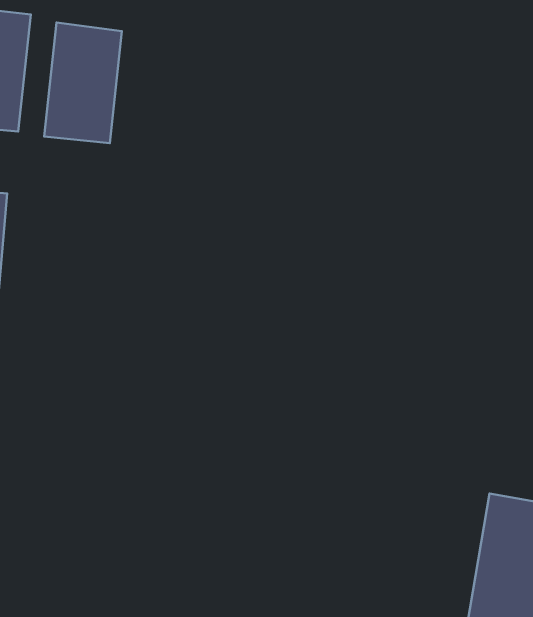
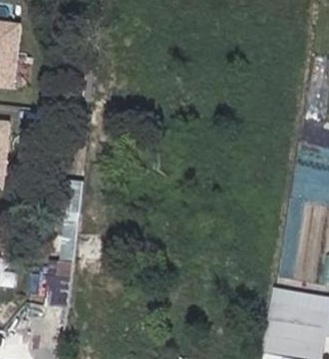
building: [44,23,122,143] -> none

